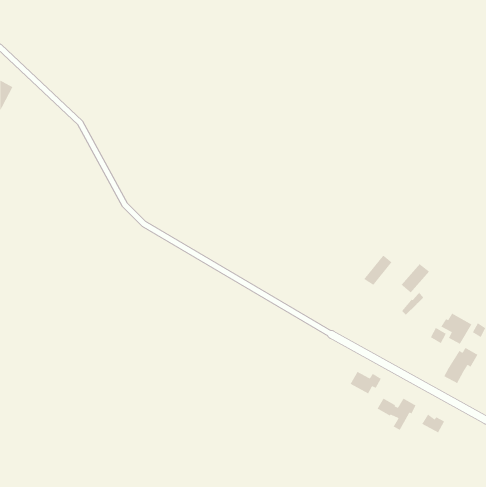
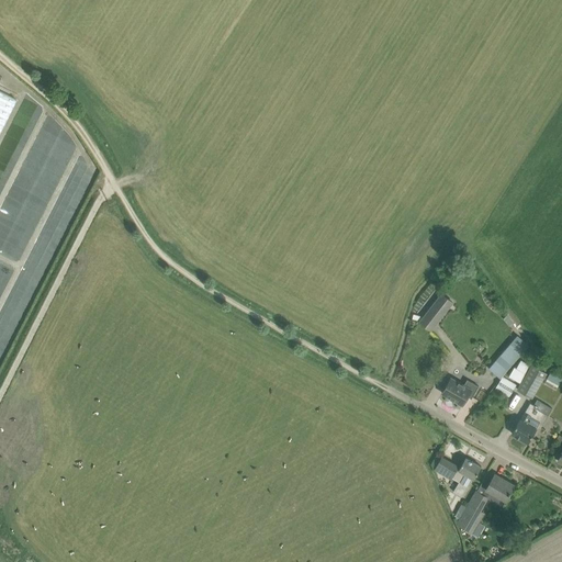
building: [401,263,430,294] -> [494,335,528,370]
building: [350,371,382,395] -> [440,378,477,405]
building: none -> [456,491,486,535]

